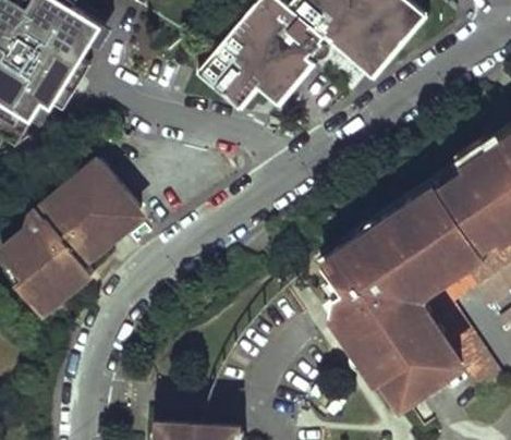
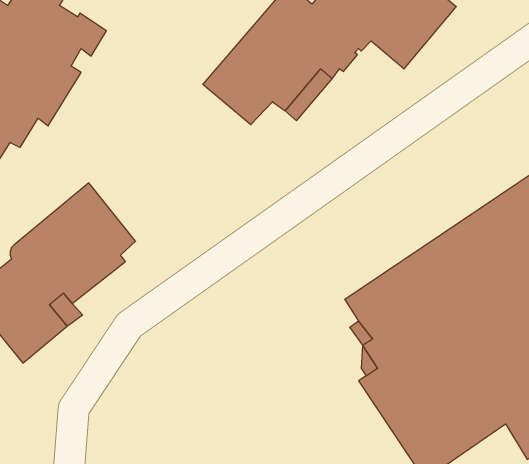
building: [333,9,425,80] -> none

